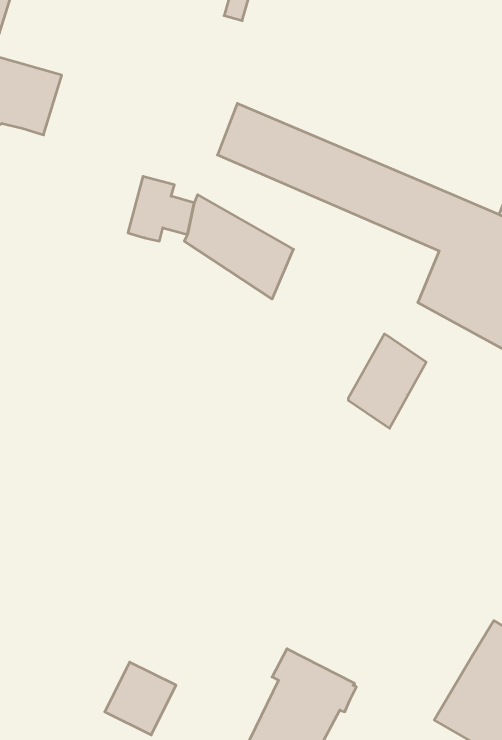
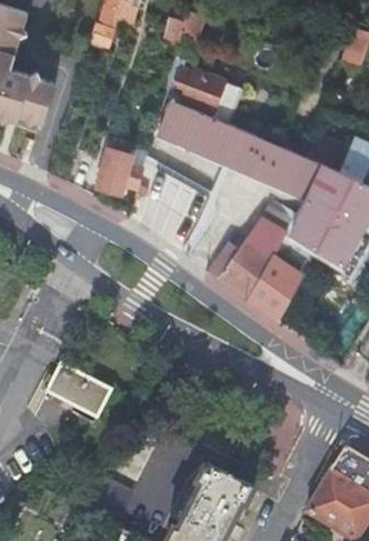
building: none -> [179,69,223,113]
building: none -> [208,218,285,299]
building: none -> [44,365,109,421]

